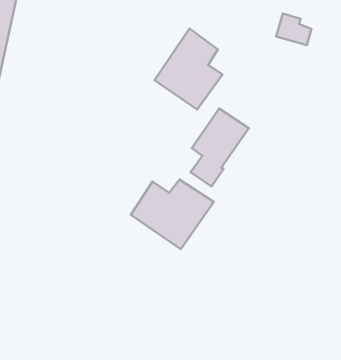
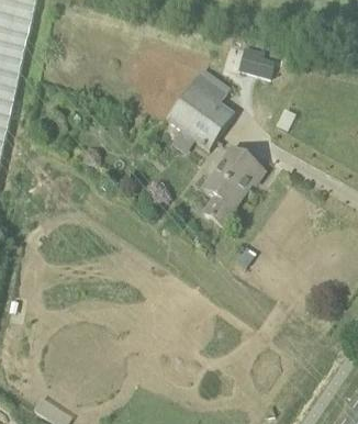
building: [276,13,311,45] -> [238,43,273,75]
building: [131,179,214,249] -> none

